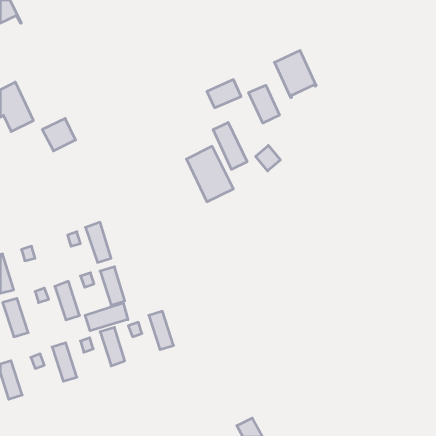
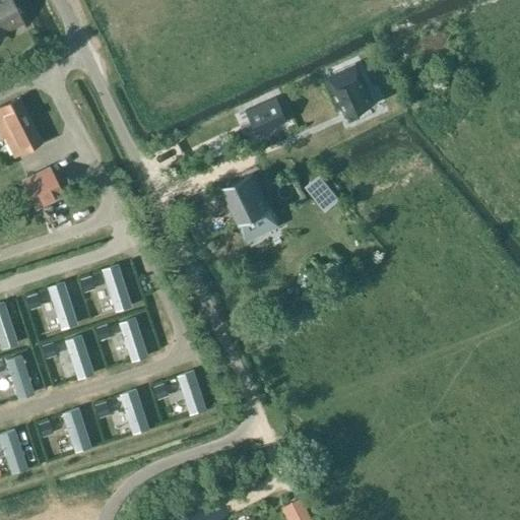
building: [249,85,279,123] -> none
building: [42,118,76,151] -> [22,171,62,209]
building: [213,122,247,169] -> none
building: none -> [49,282,79,330]
building: [85,303,128,331] -> none

